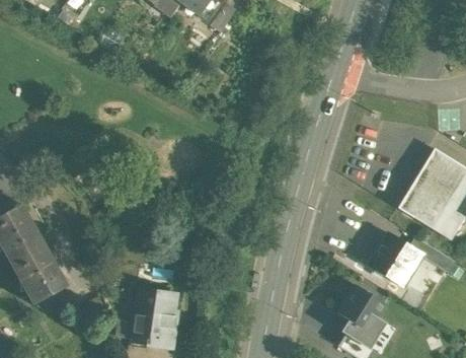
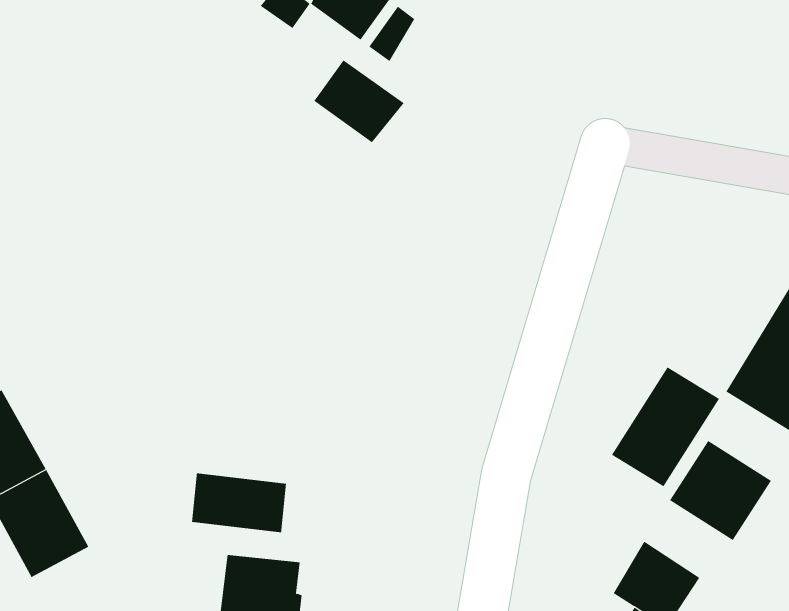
building: none -> [314,59,404,143]
building: none -> [611,367,720,487]
building: none -> [192,473,286,533]

